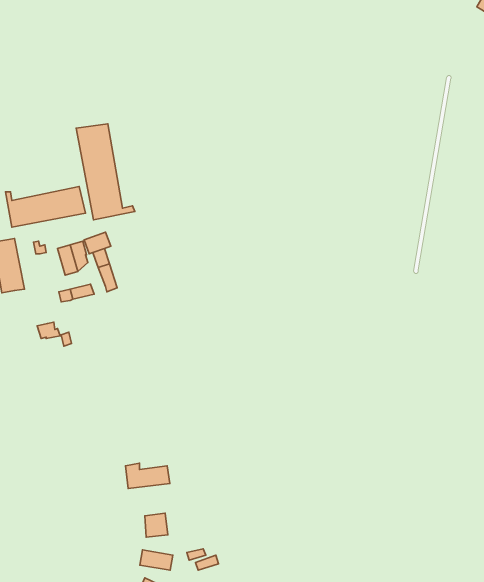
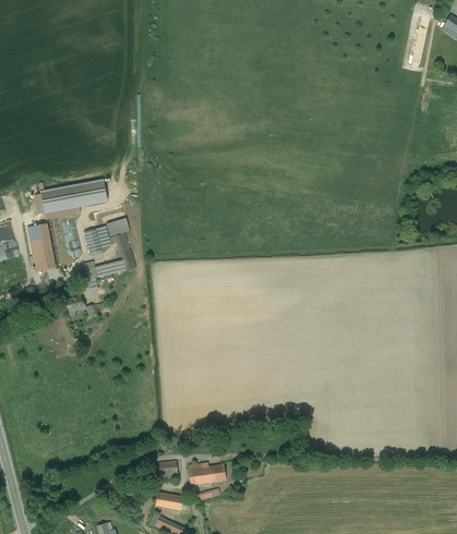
building: [76,124,135,220] -> none
building: [125,463,170,489] -> [187,461,225,483]

